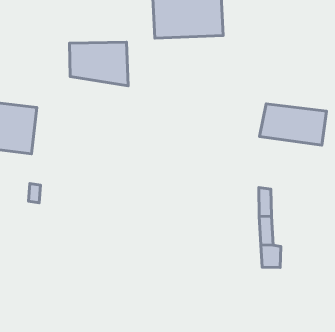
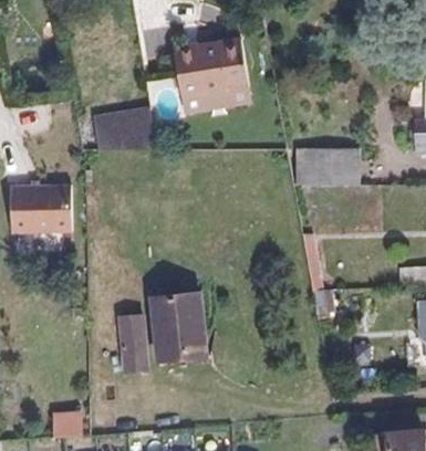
building: none -> [148,291,206,359]
building: none -> [118,314,147,370]

